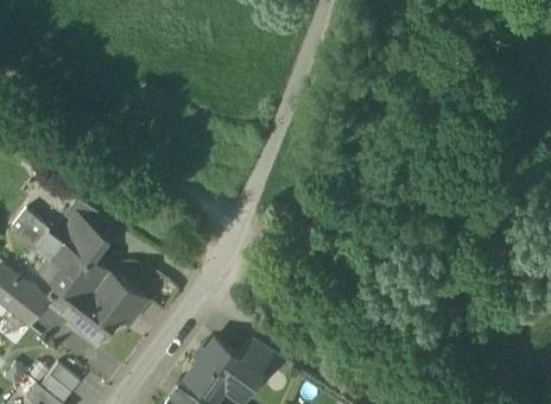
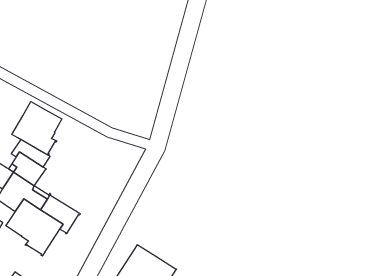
building: none -> [12,102,62,155]
building: [238,337,276,373] -> none

